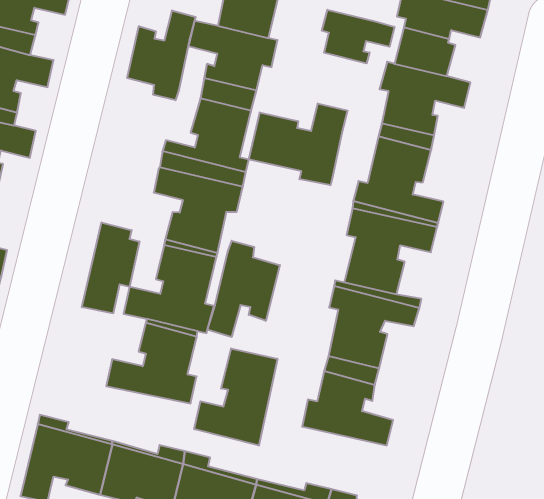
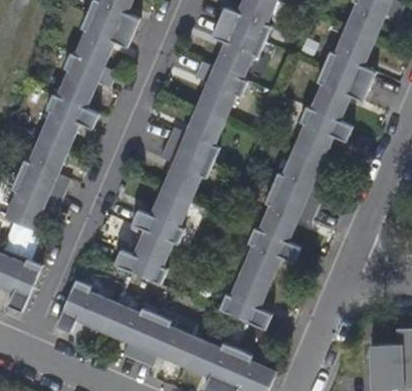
building: [322,10,394,63] -> none
building: [127,10,196,100] -> none
building: [249,103,348,185] -> none
building: [82,222,139,313] -> none
building: [208,241,280,337] -> none
building: [194,348,277,446] -> none

